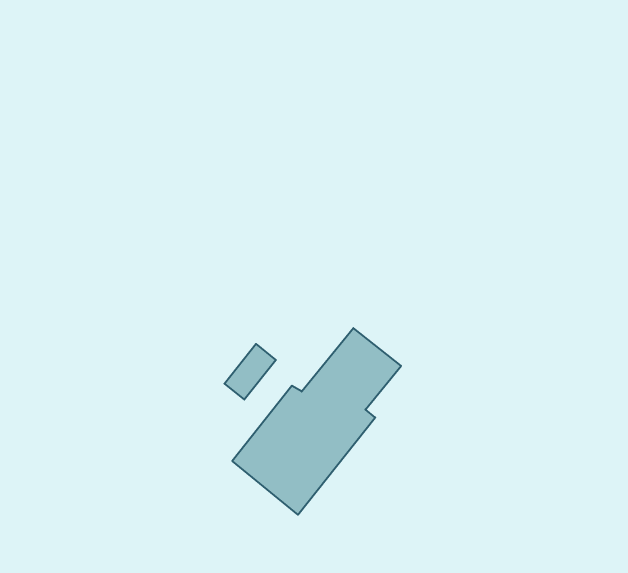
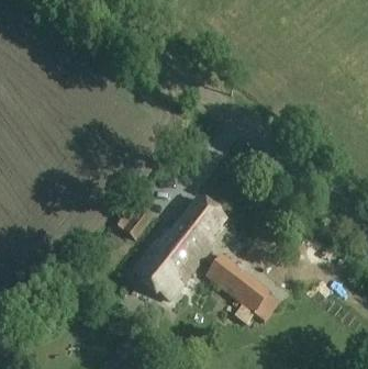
building: none -> [208,251,276,314]

